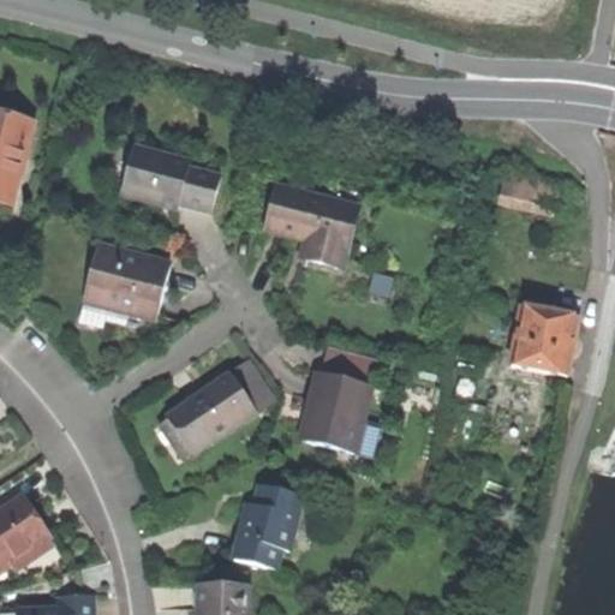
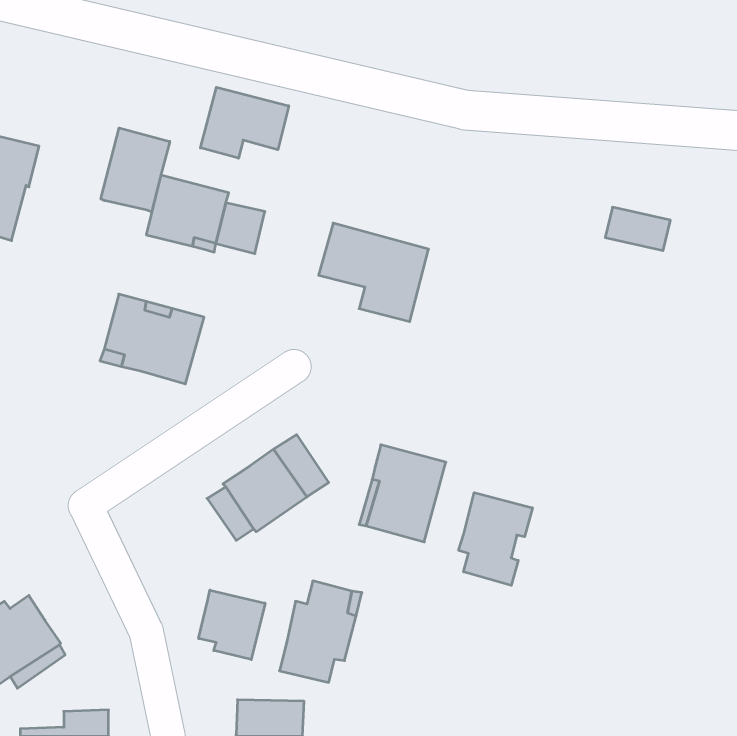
building: none -> [200,87,289,158]
building: none -> [101,128,170,212]
building: [508,305,577,375] -> none
building: none -> [459,493,532,585]
building: none -> [199,590,265,660]

